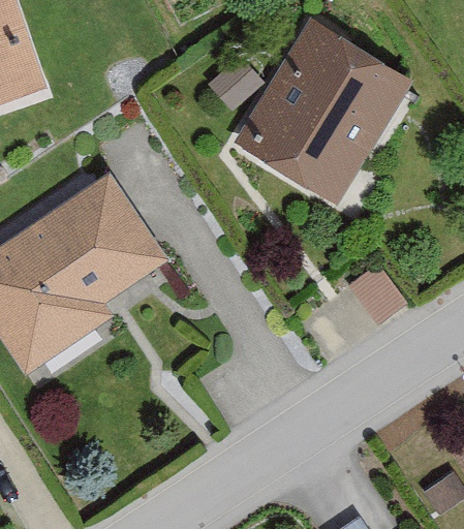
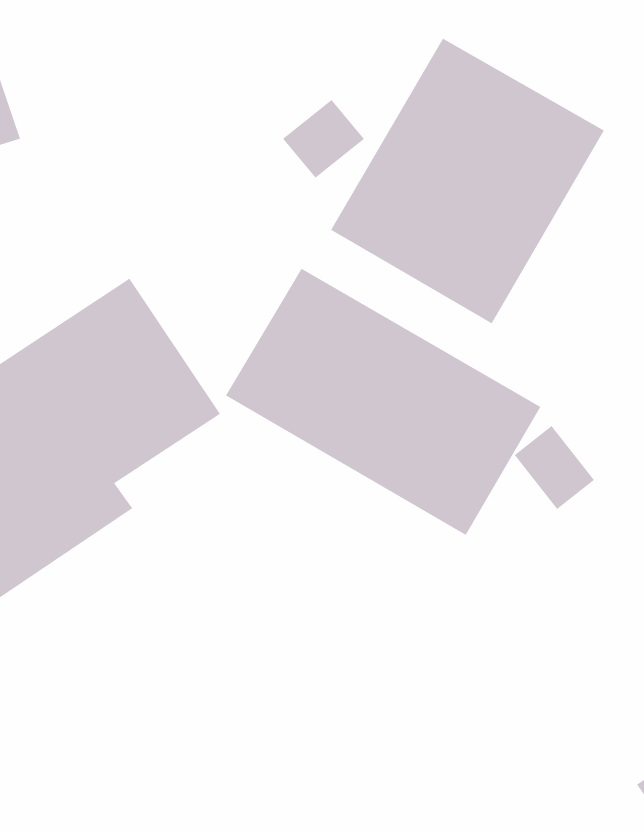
building: none -> [225,268,541,536]

